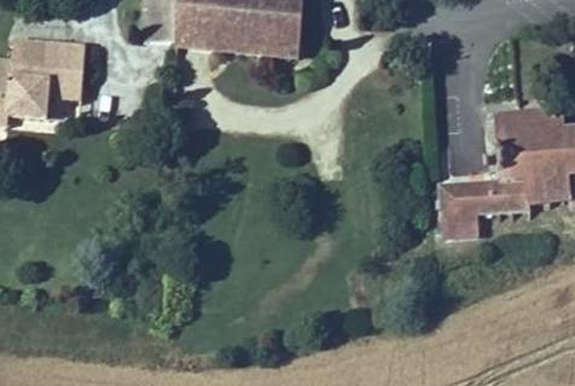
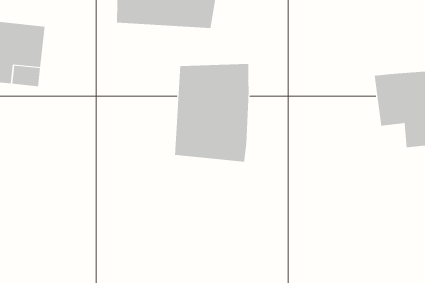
building: none -> [175,63,249,162]
building: [443,175,538,240] -> none

